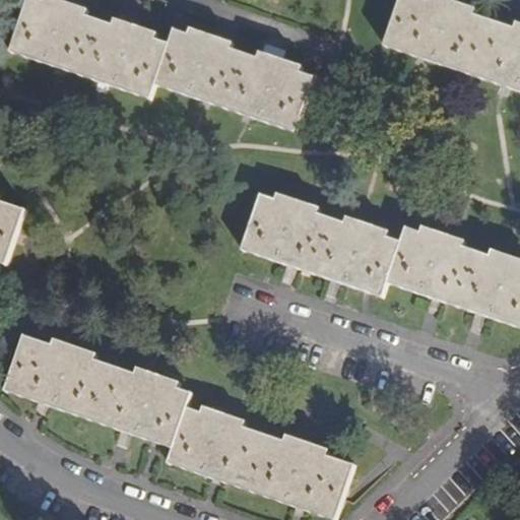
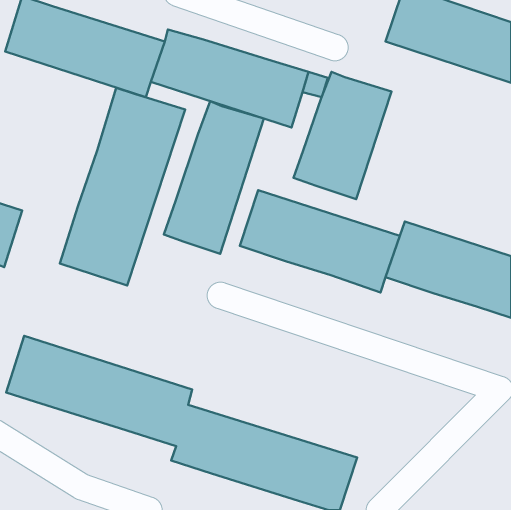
building: none -> [293,72,391,199]
building: none -> [60,88,185,285]
building: none -> [164,101,264,254]

